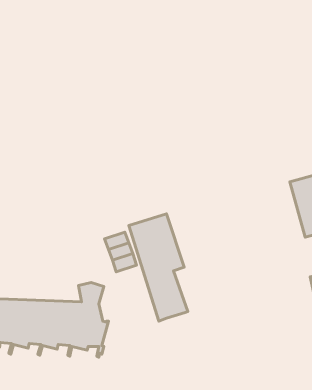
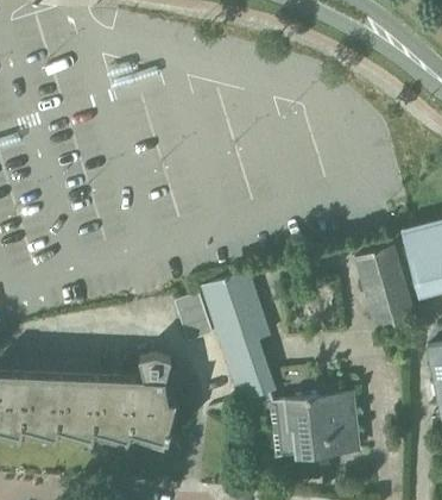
building: none -> [354,246,415,333]
building: none -> [248,392,358,460]

